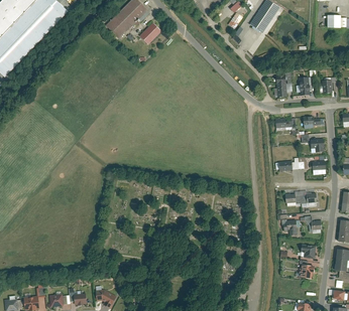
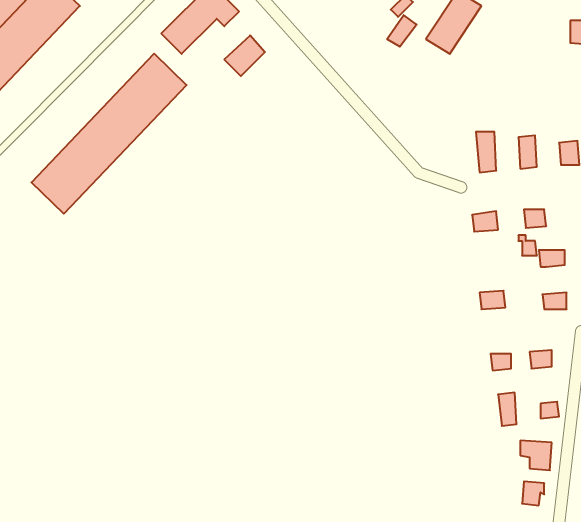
building: none -> [31,54,187,214]

